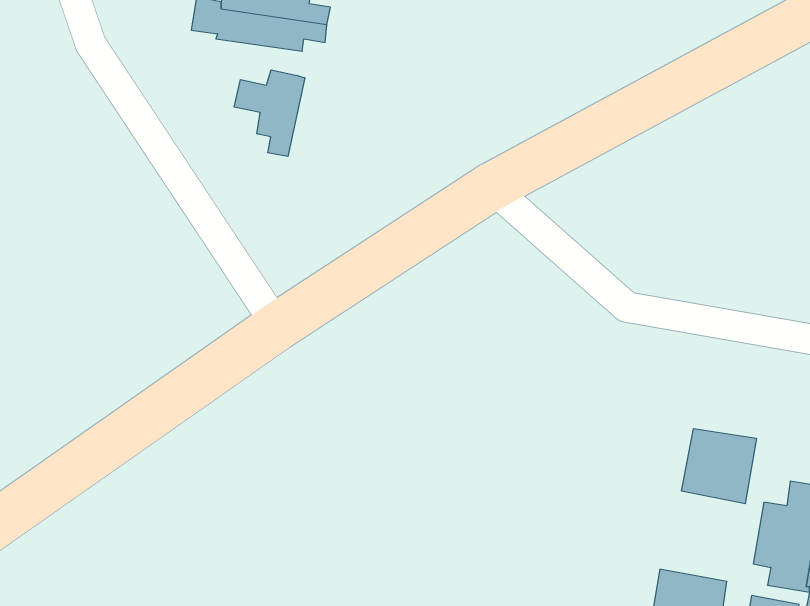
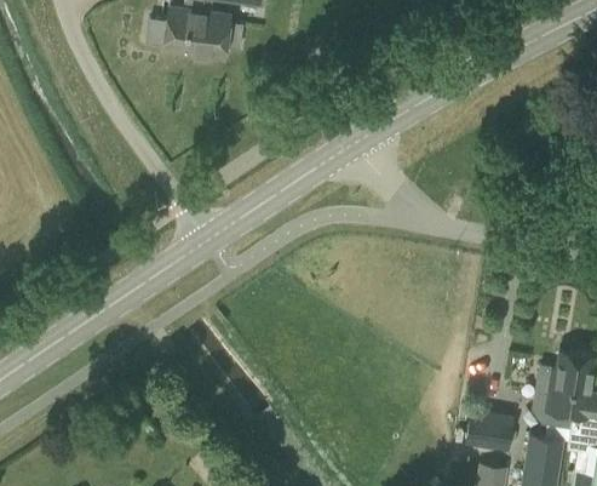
building: [234,70,305,156] -> none
building: [681,429,756,504] -> none

